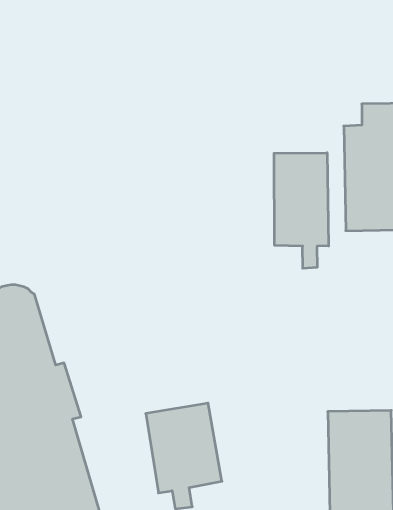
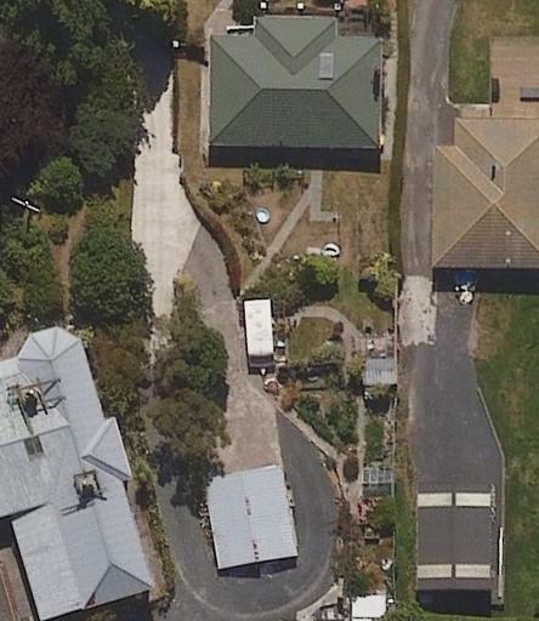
building: none -> [208,21,379,147]
building: [274,153,329,268] -> none

